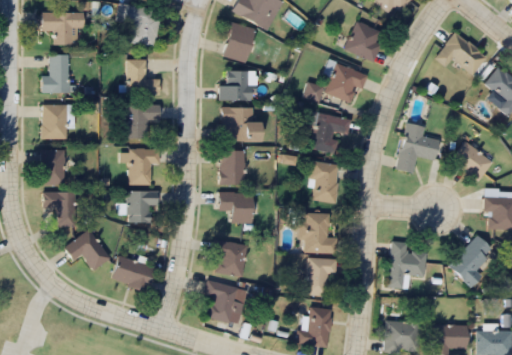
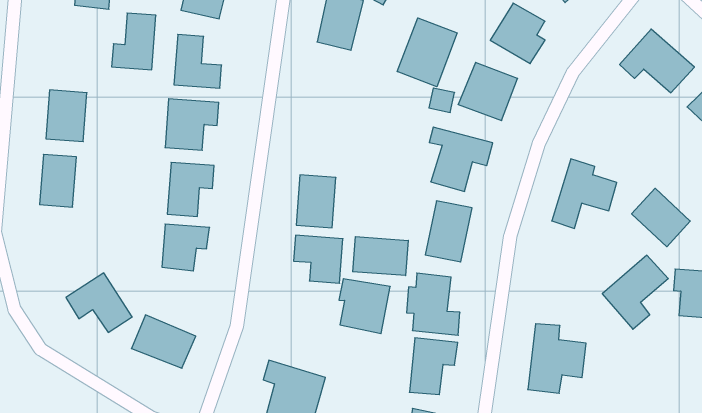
building: none -> [397,18,457,87]
building: [42,55,70,93] -> [112,13,156,70]
building: [220,71,253,101] -> none
building: [222,108,261,143] -> none
building: none -> [353,237,408,276]
building: [43,192,75,226] -> none
building: [449,236,494,288] -> [602,255,668,329]
building: [213,241,248,277] -> [339,279,390,334]

